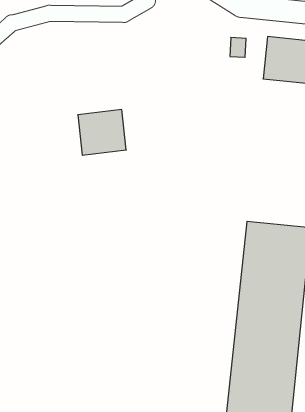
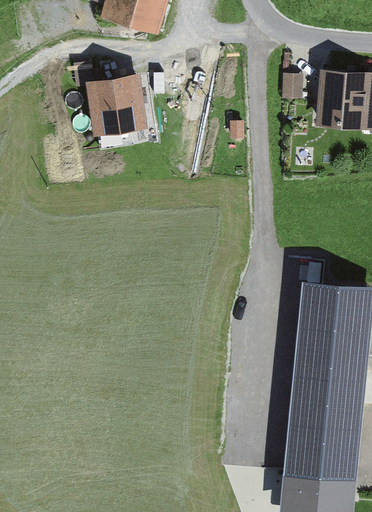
building: [78,110,126,155] -> [88,80,142,131]

